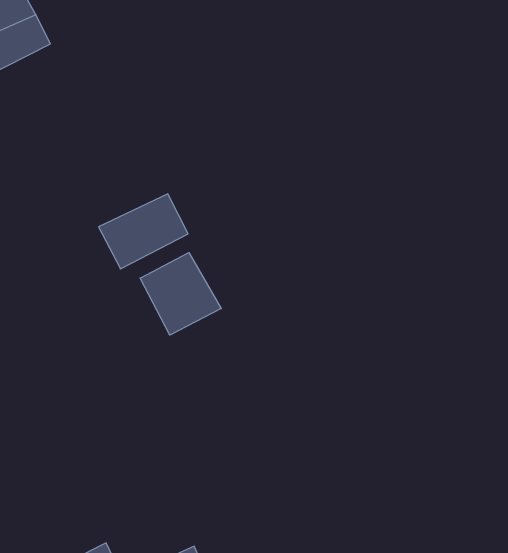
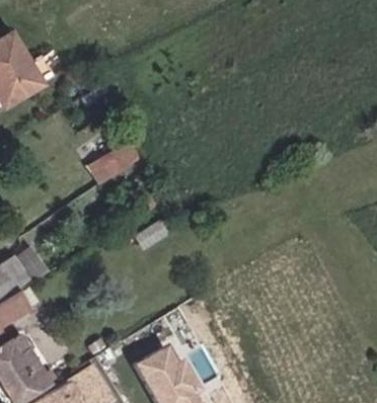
building: [140,253,221,335] -> none

